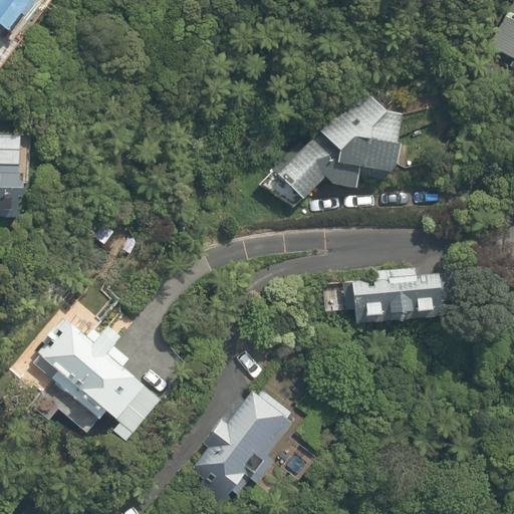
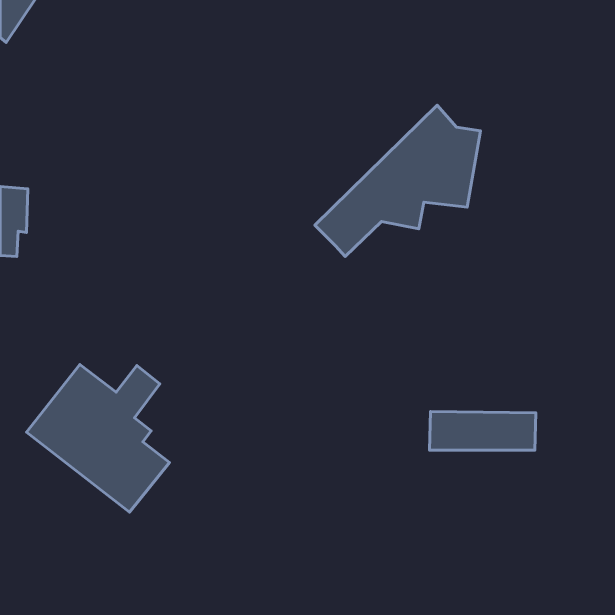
building: [346,290,435,322] -> [429,412,536,450]
building: [191,380,294,499] -> none

